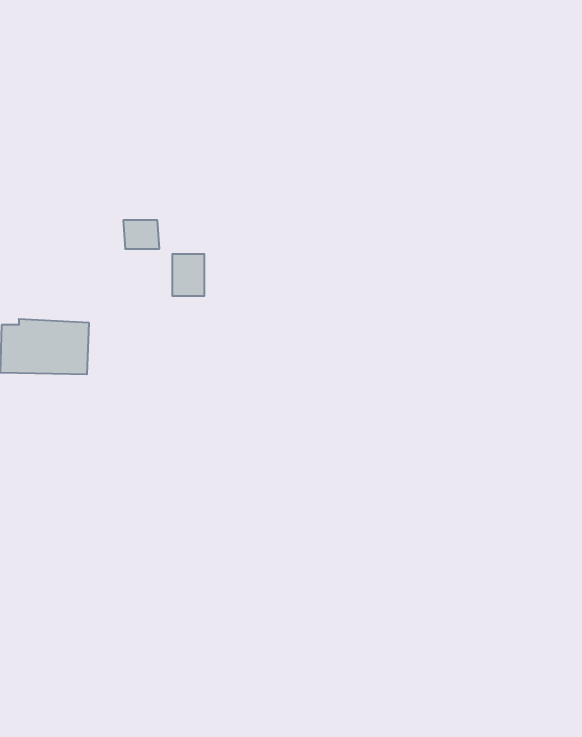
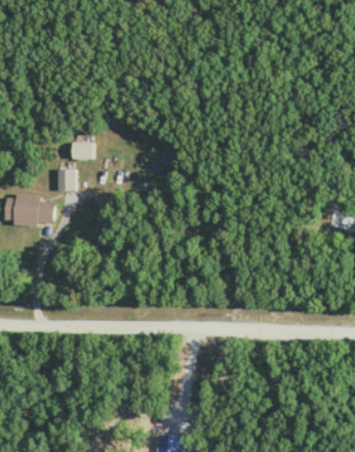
building: [172,254,204,296] -> [57,168,75,191]

